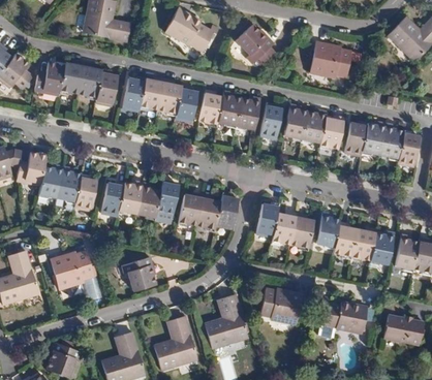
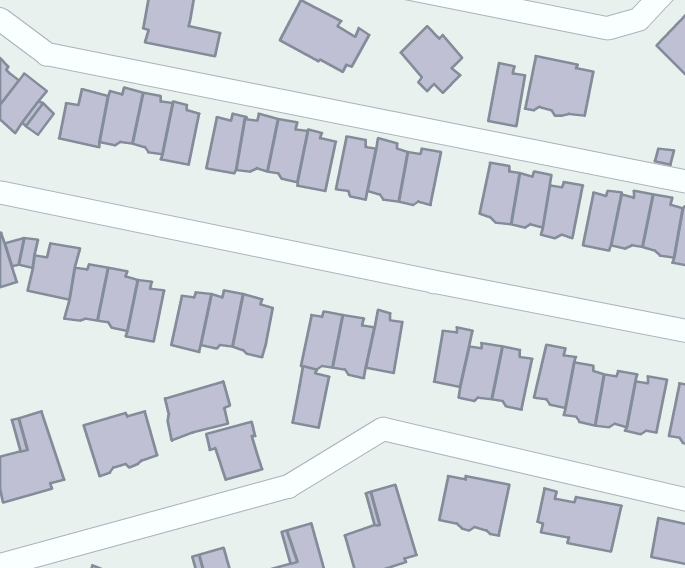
building: [259,101,281,138] -> [488,63,525,126]
building: [157,179,179,215] -> [292,366,329,428]
building: none -> [165,381,230,441]

